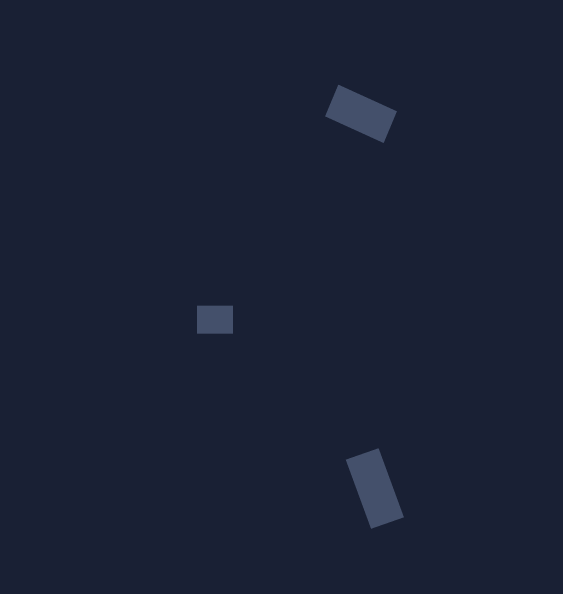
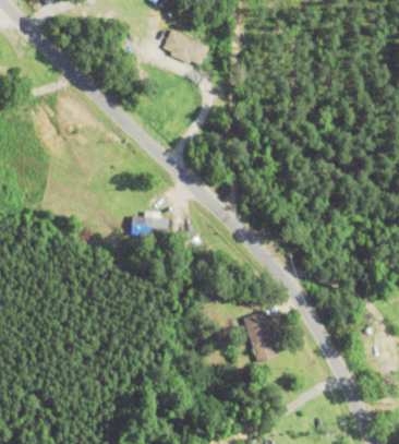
building: [324,84,398,144] -> [162,28,209,67]

